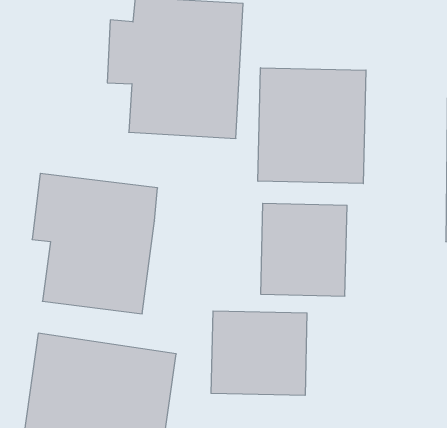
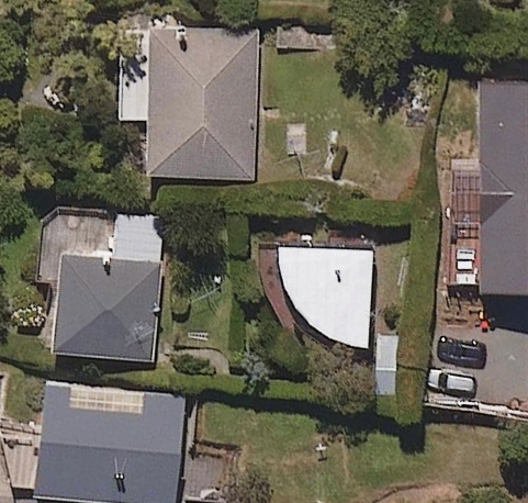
building: [258,68,366,184] -> none
building: [211,311,307,395] -> none

